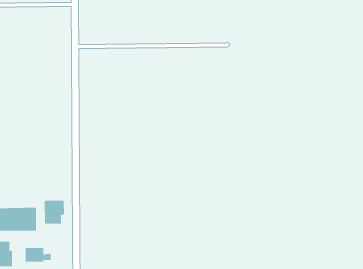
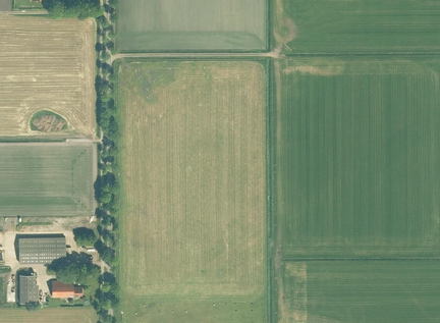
building: [44,200,65,224] -> none

